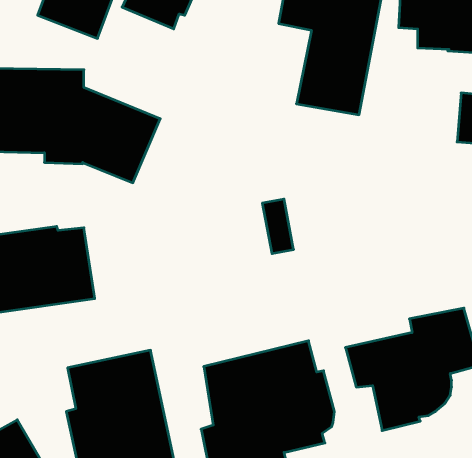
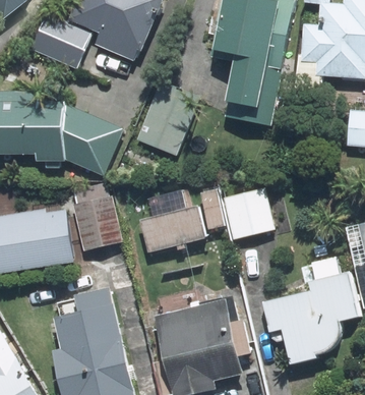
building: none -> [135,80,198,155]
building: none -> [222,187,273,238]
building: none -> [72,195,121,249]
building: none -> [139,205,205,252]

